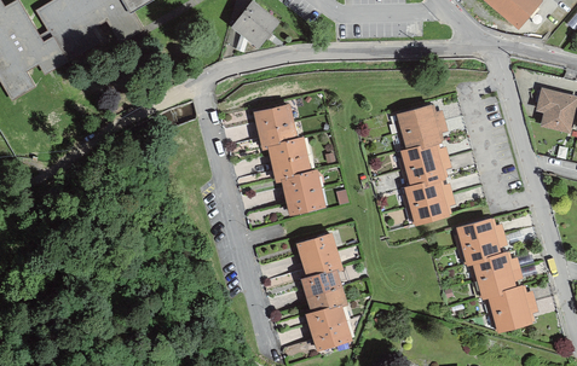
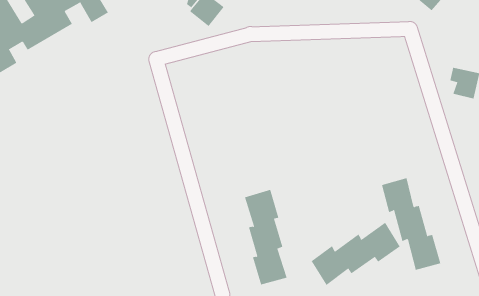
building: [255,106,321,213] -> none
building: [398,108,445,221] -> none
building: none -> [311,222,401,286]

